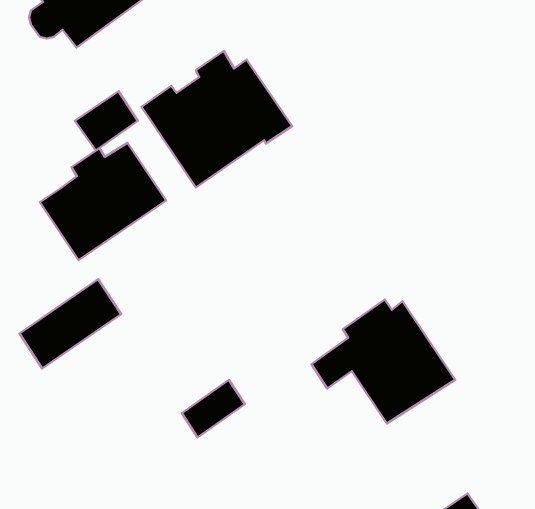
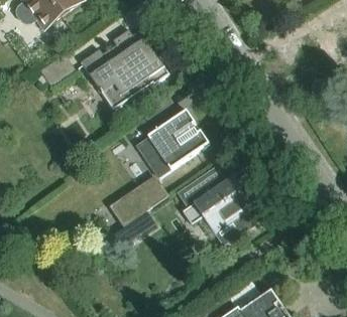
building: [40,143,166,260] -> [137,109,210,176]
building: [19,279,121,368] -> [109,176,167,227]

